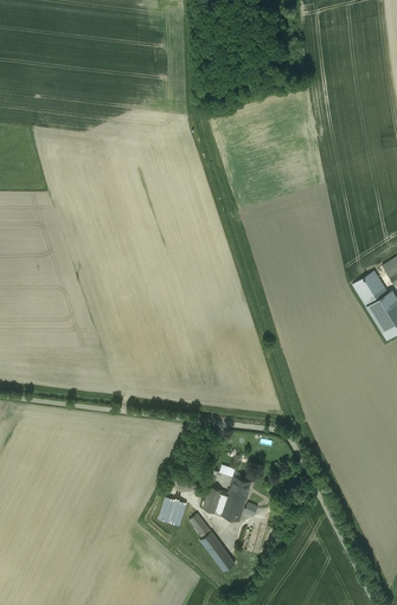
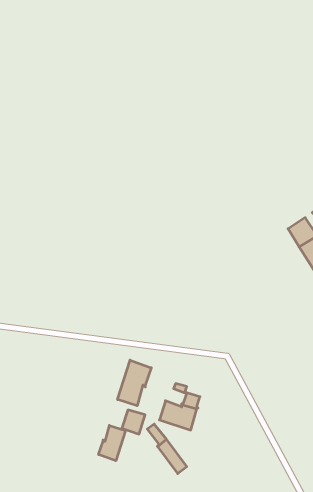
building: none -> [118,360,151,406]
building: none -> [99,425,125,461]

